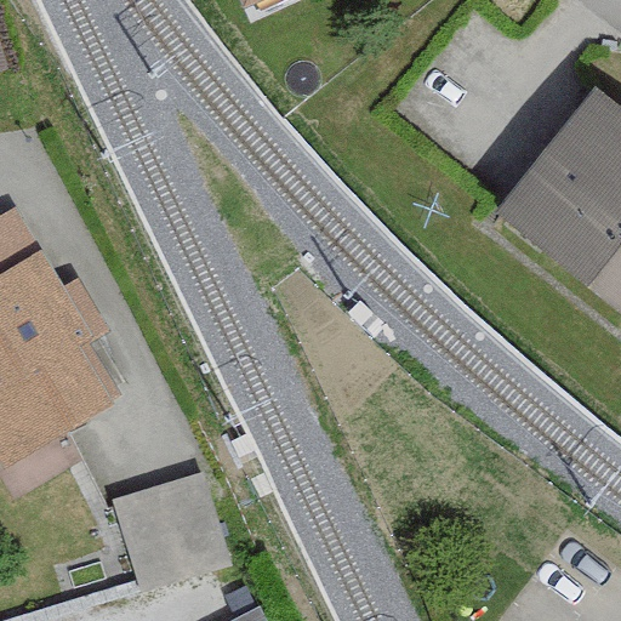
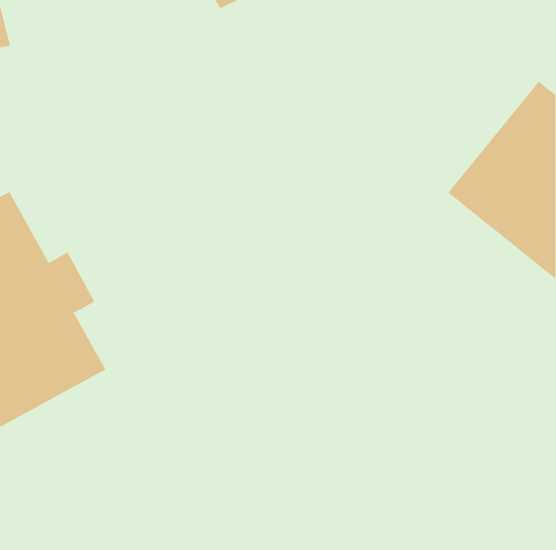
building: [118,456,233,564] -> none

